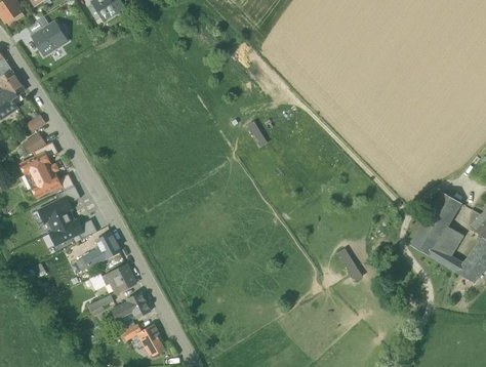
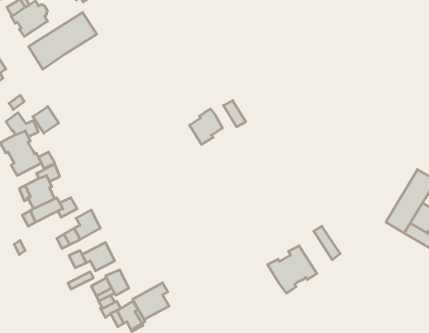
building: none -> [29,12,97,69]
building: none -> [33,106,59,133]
building: none -> [189,109,222,144]
building: none -> [268,246,317,293]
building: none -> [133,283,169,320]

